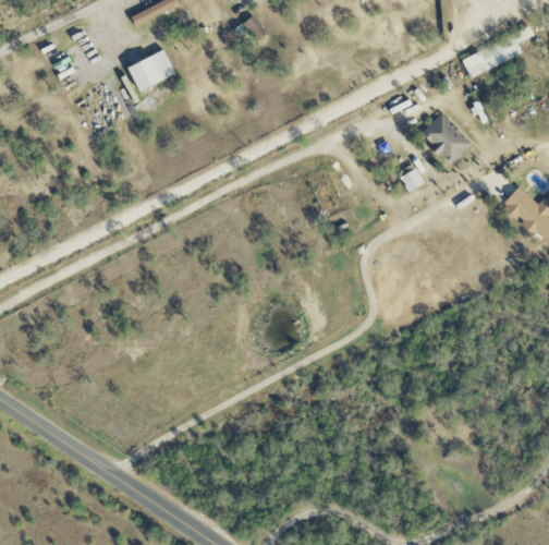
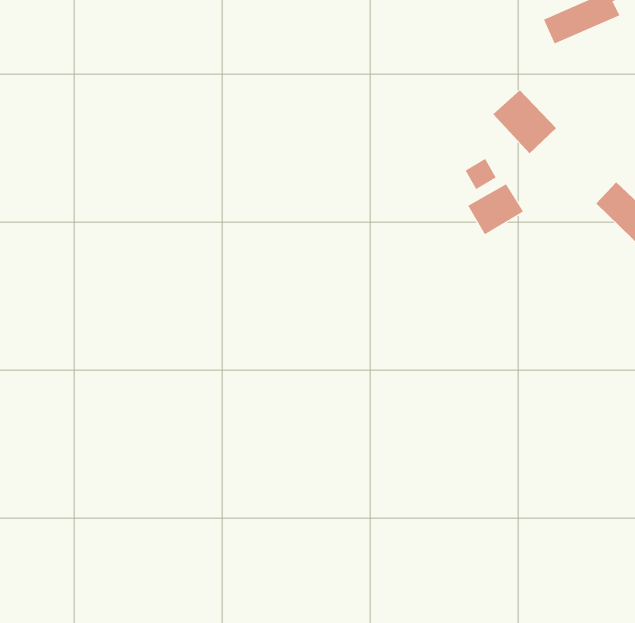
building: [127,49,175,92] -> none
building: none -> [467,183,524,235]

